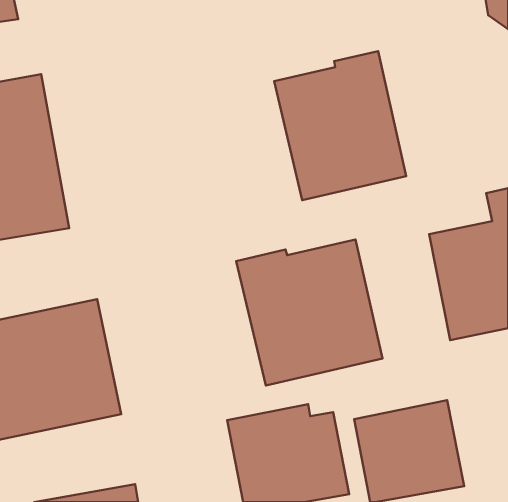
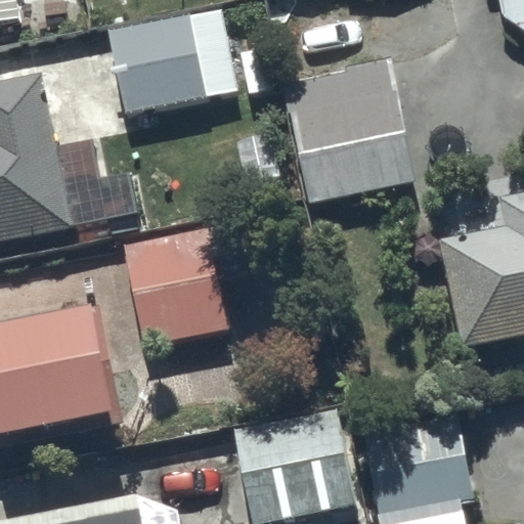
building: none -> [107,6,238,113]
building: none -> [125,228,229,348]
building: [236,239,382,385] -> none

